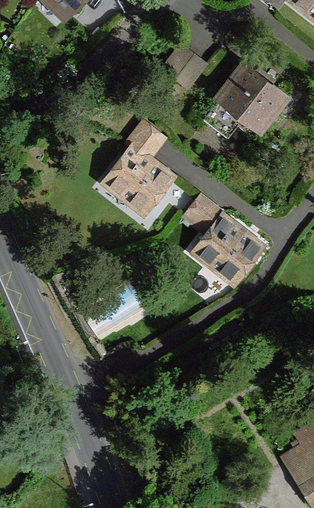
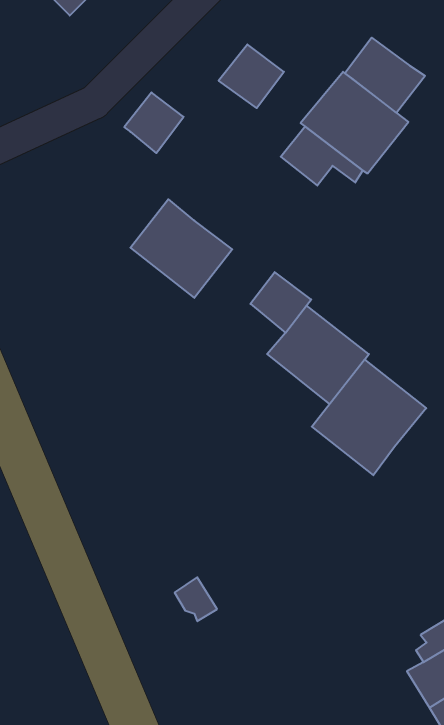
building: none -> [345,38,425,113]
building: [125,122,164,162] -> [124,92,184,153]
building: none -> [312,359,426,475]

